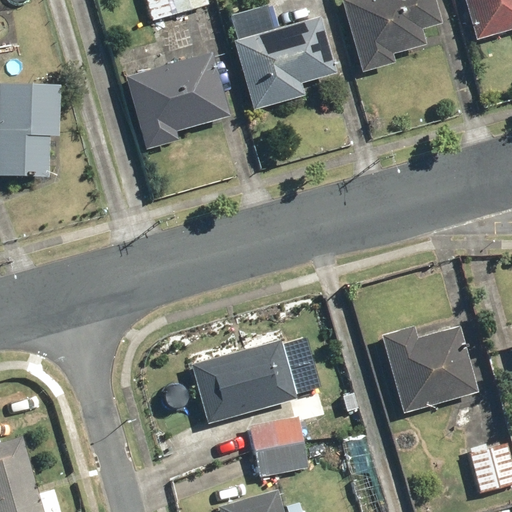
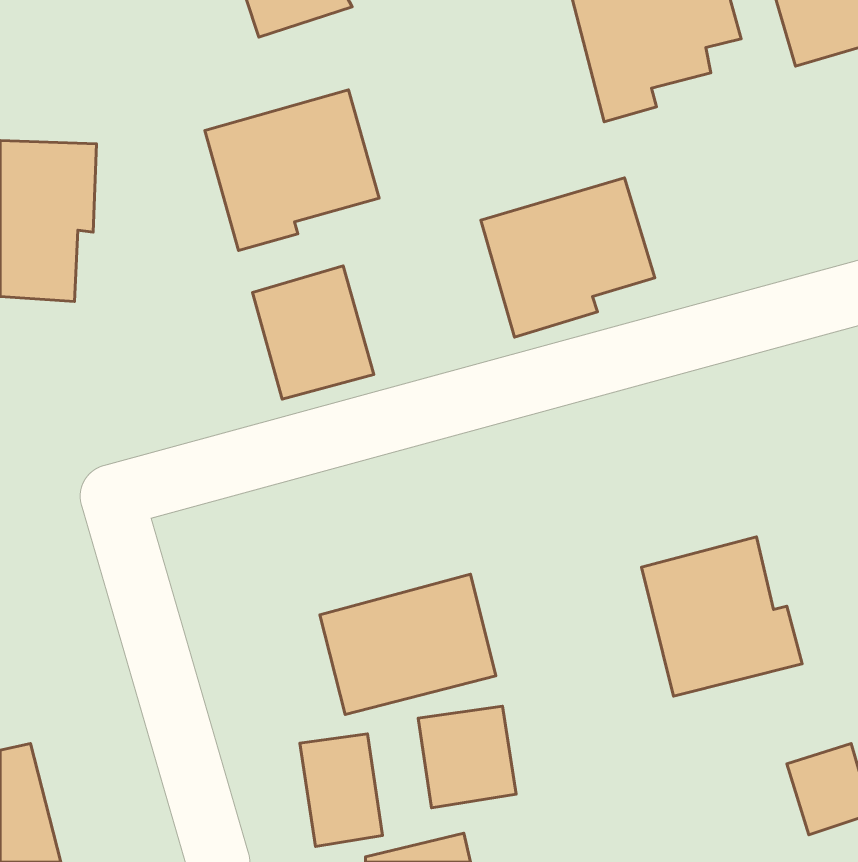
building: [234,15,337,109] -> [481,178,655,337]
building: none -> [252,266,374,399]
building: none -> [300,734,382,847]

